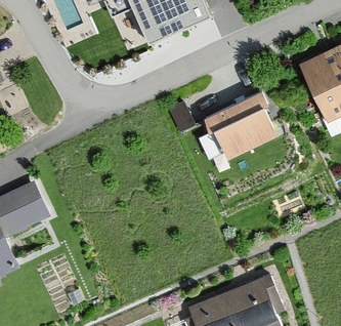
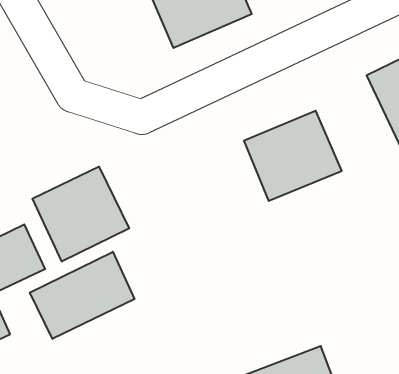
building: none -> [32,167,129,262]
building: none -> [30,252,134,339]

